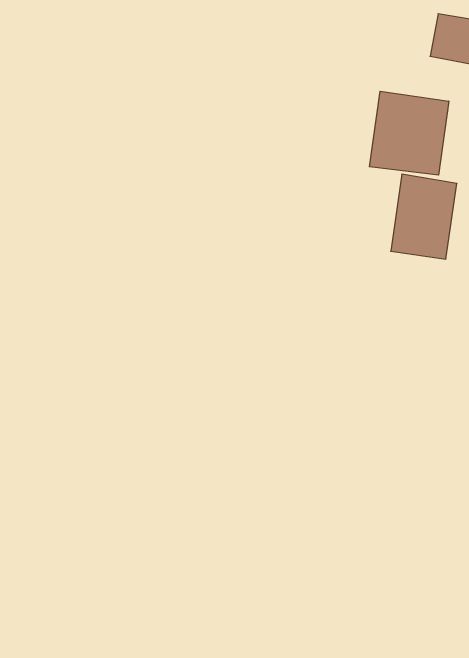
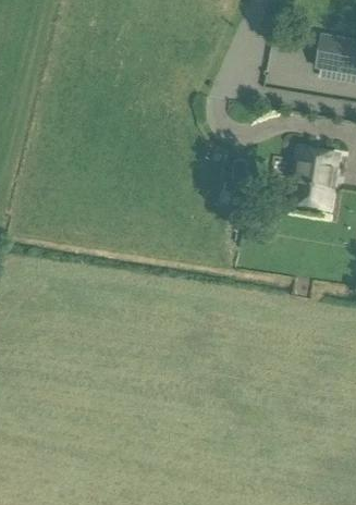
building: [369,91,449,175] -> none

